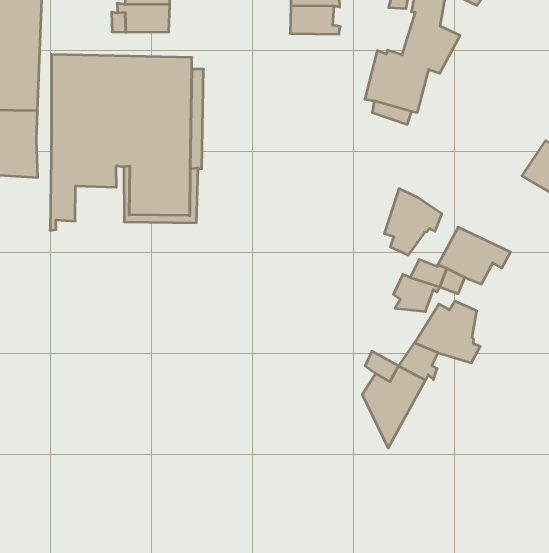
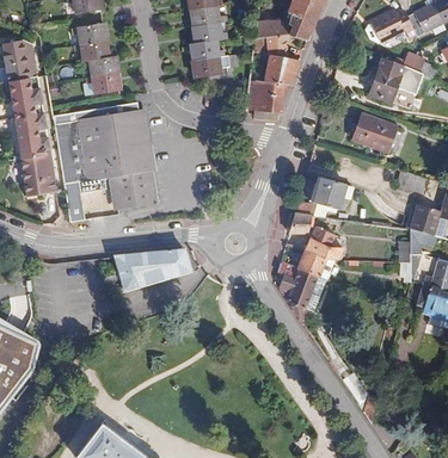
building: [384,189,442,255] -> none
building: none -> [113,247,192,290]

